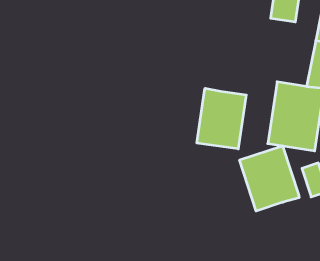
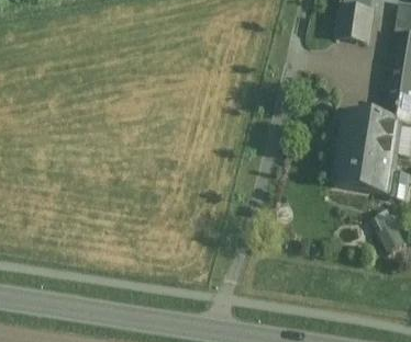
building: [197,88,246,149] -> none
building: [240,146,299,211] -> none

